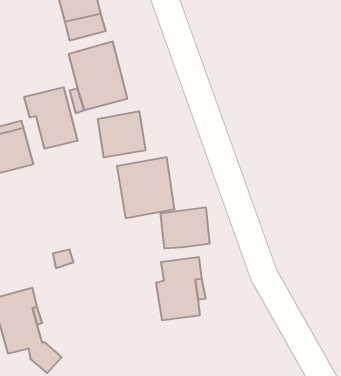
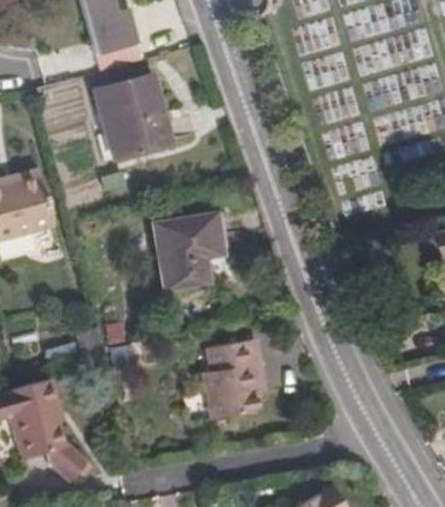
building: [24,87,77,149] -> none
building: [98,111,145,158] -> none
building: [160,207,209,249] -> none

